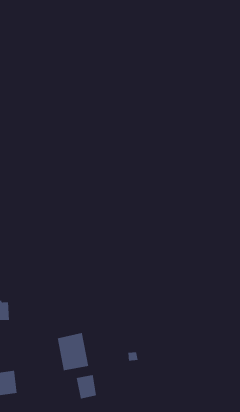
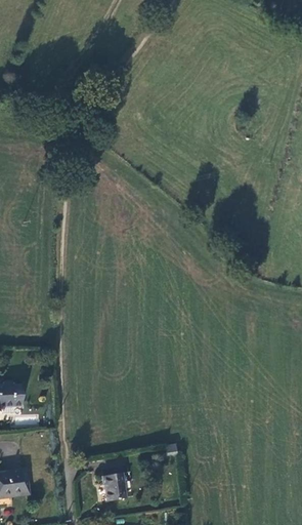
building: [57,332,89,371] -> none

